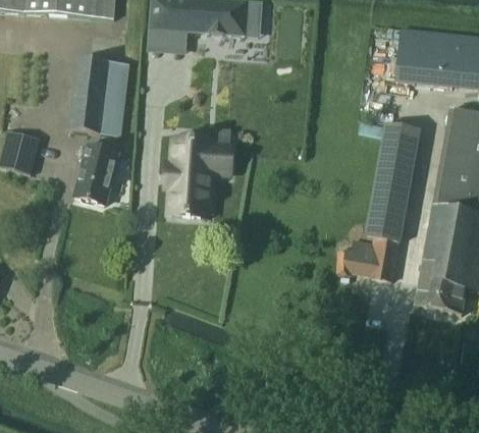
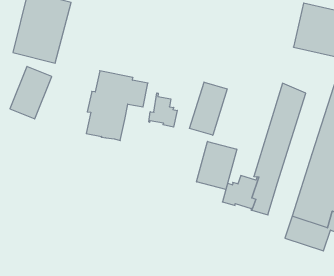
building: none -> [190,82,227,135]
building: none -> [149,93,177,127]
building: none -> [197,141,237,190]

